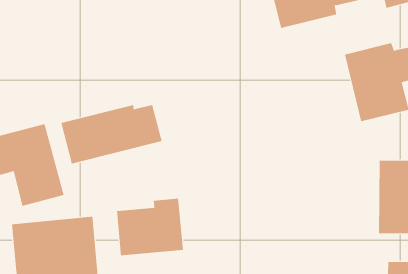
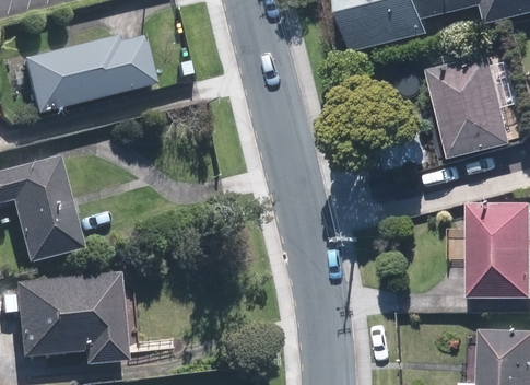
building: [61,105,163,164] -> [26,38,154,113]
building: [116,198,183,256] -> none

